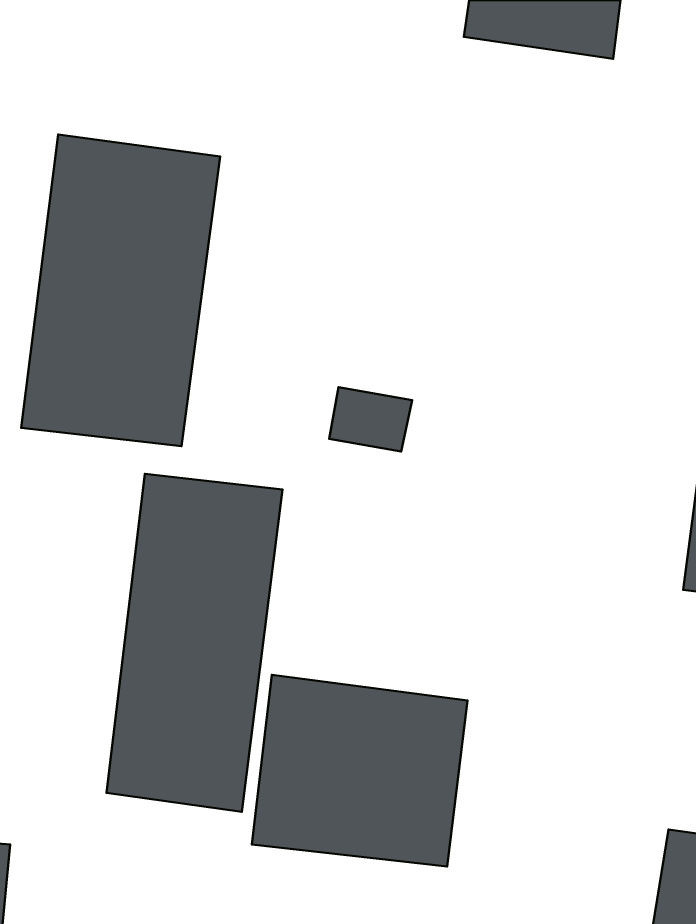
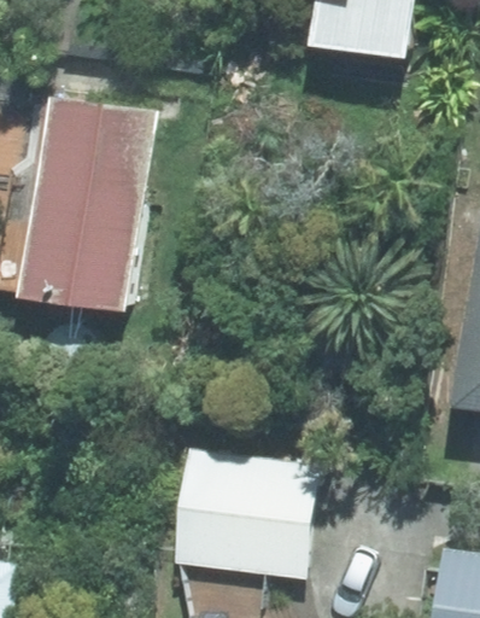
building: [107,474,282,812] -> none

